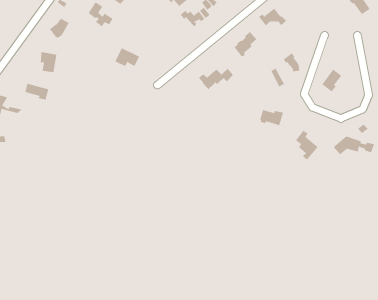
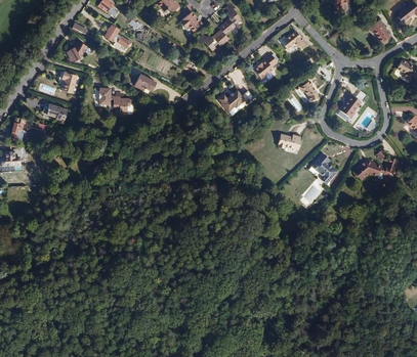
building: none -> [102,90,131,116]

